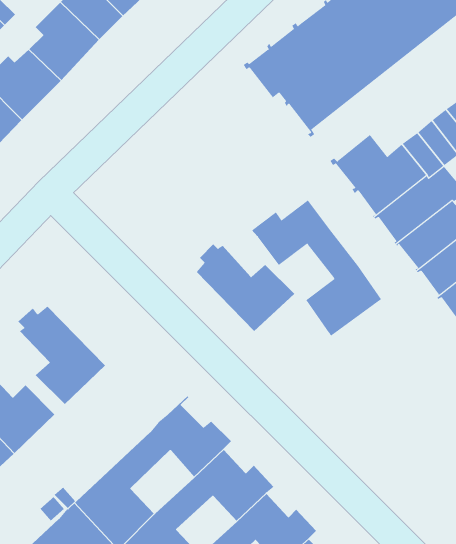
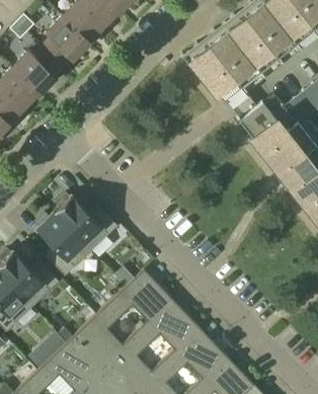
building: [251,200,382,337] -> none
building: [196,244,295,332] -> [55,193,118,250]

